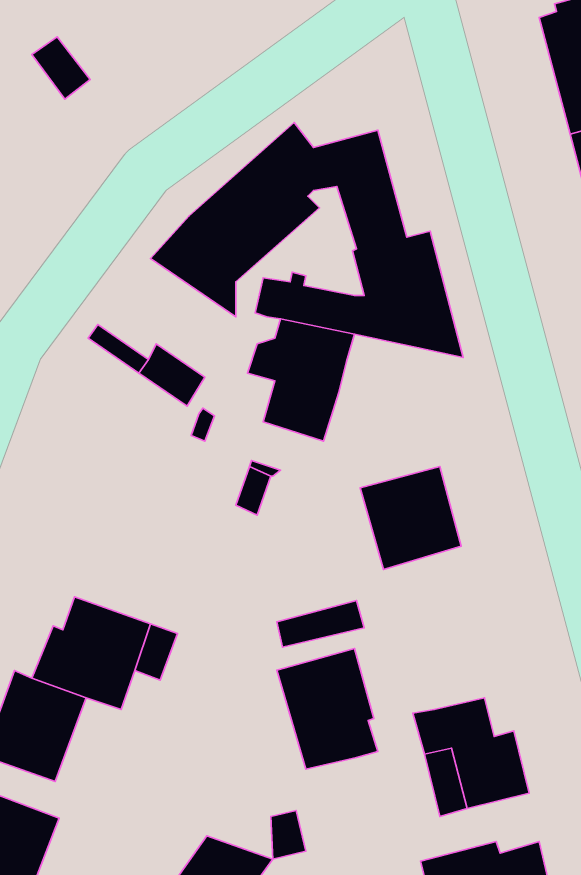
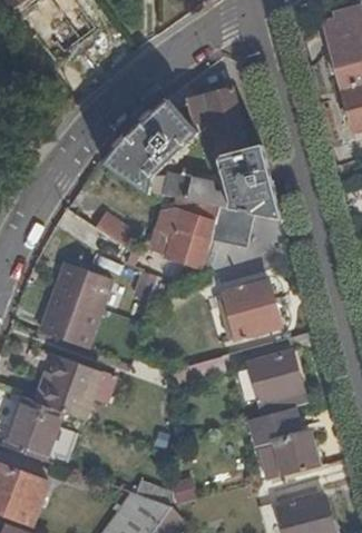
building: none -> [209,205,255,247]
building: none -> [41,268,110,347]
building: [277,649,378,769] -> [247,351,305,420]

